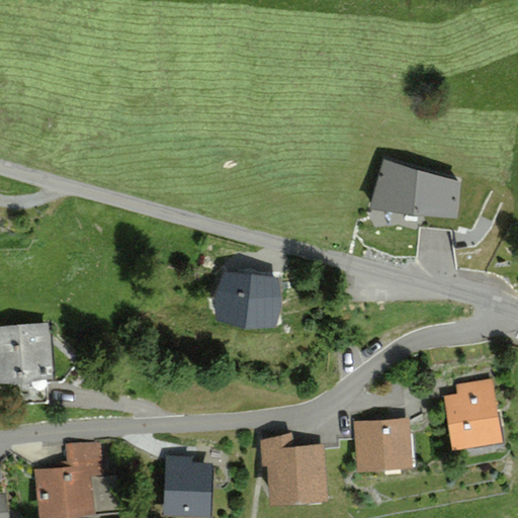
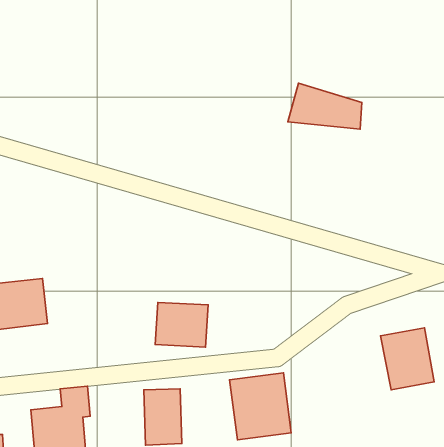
building: [363,165,448,218] -> [288,83,362,129]
building: [221,271,281,323] -> [155,302,208,347]
building: [357,415,413,470] -> none

